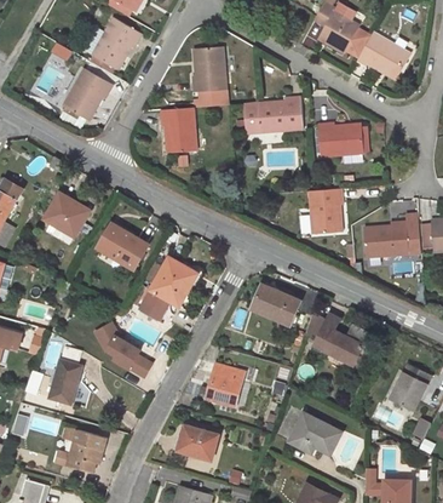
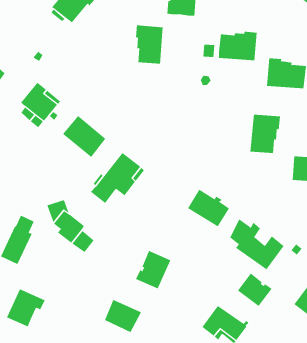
building: none -> [237,273,273,307]

